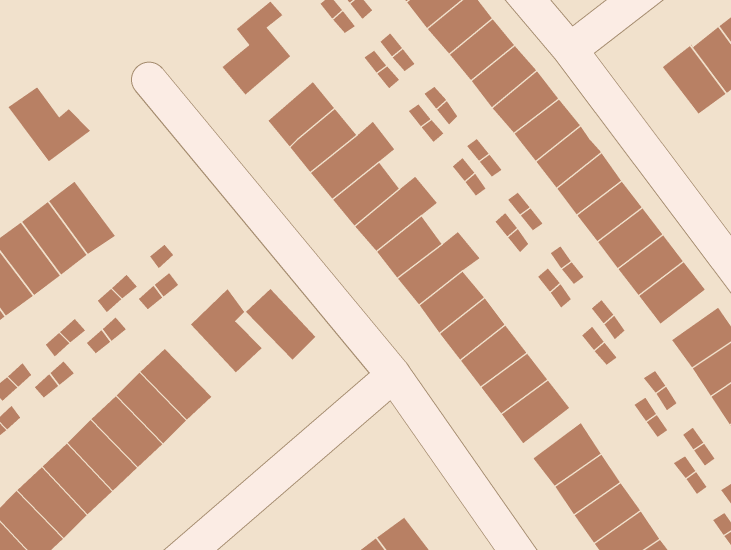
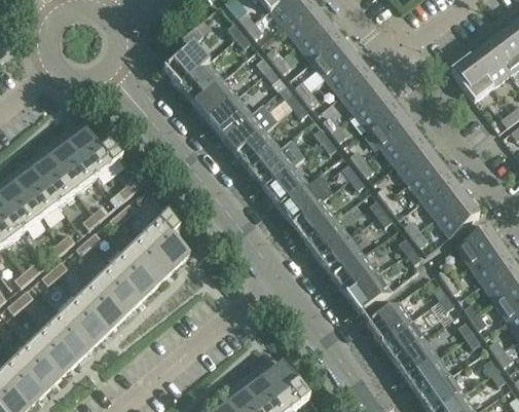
building: none -> [178,62,222,104]
building: [7,87,91,162] -> [67,129,121,179]
building: [245,288,316,361] -> [125,236,172,284]

